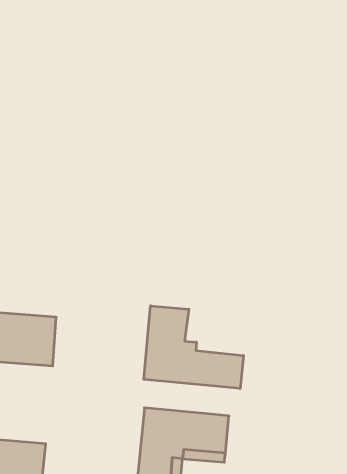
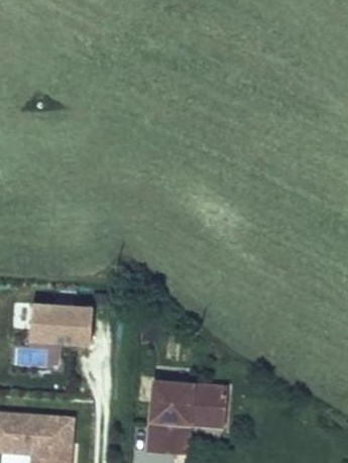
building: [144,306,243,389] -> none

